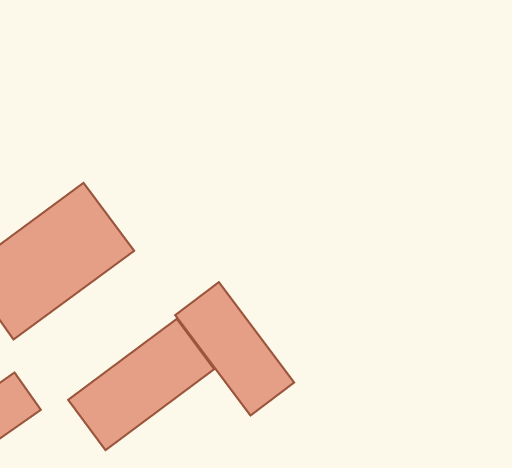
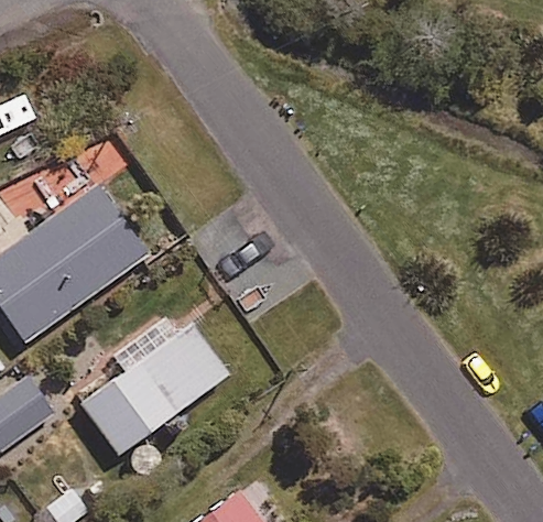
building: [175,282,294,415] -> none

